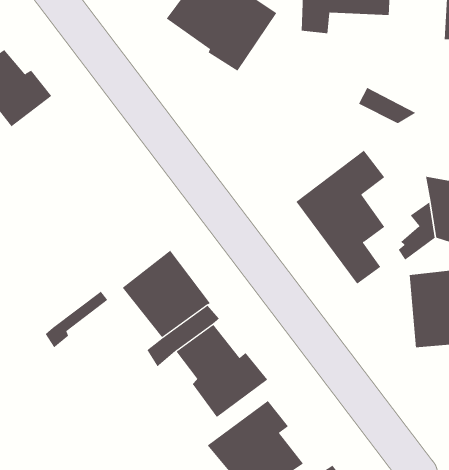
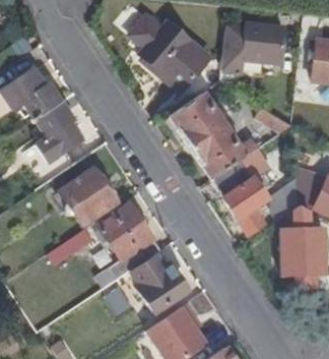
building: none -> [170,93,258,178]
building: none -> [35,101,82,176]
building: none -> [60,168,117,224]

